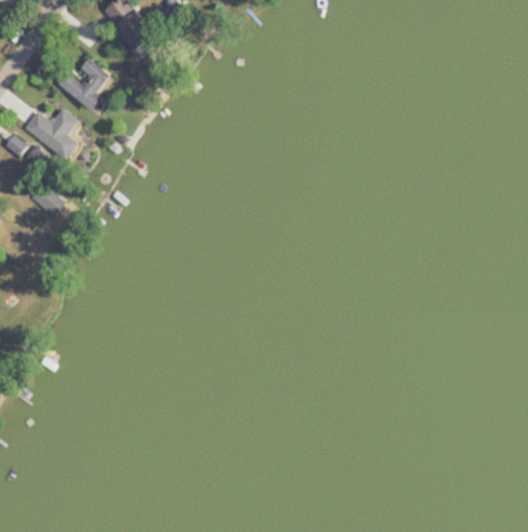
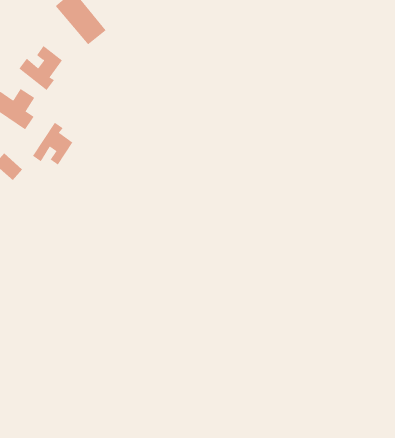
building: none -> [32,122,73,166]

